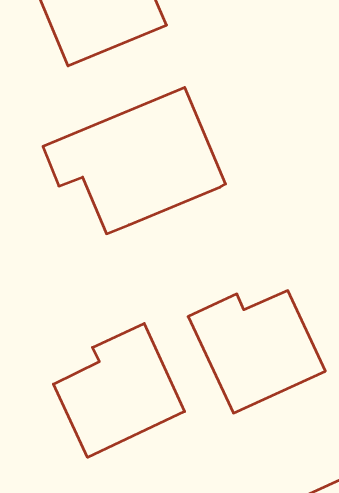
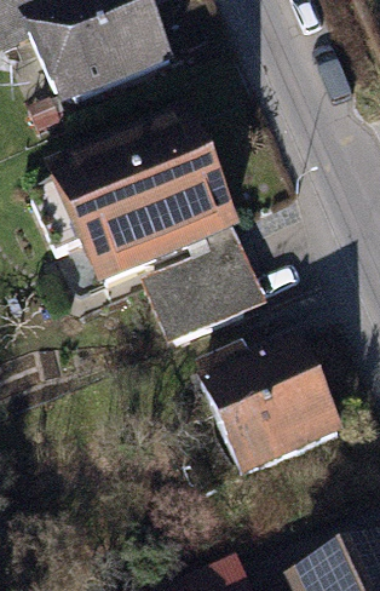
building: none -> [139,230,261,332]
building: [53,323,185,457] -> none

